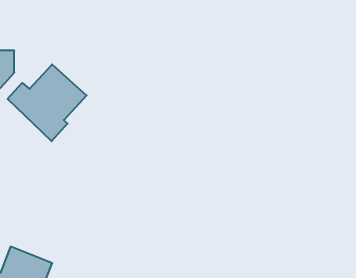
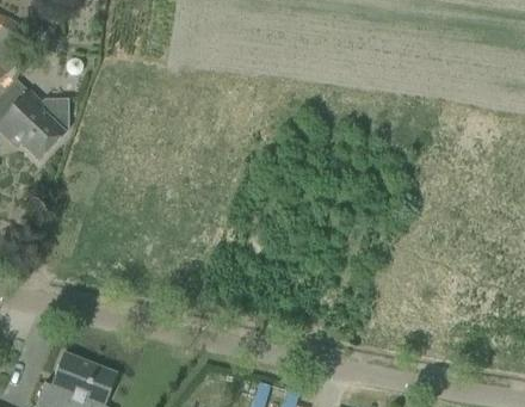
building: [8,64,87,141] -> none

